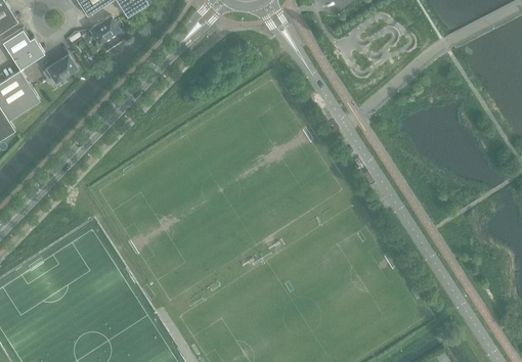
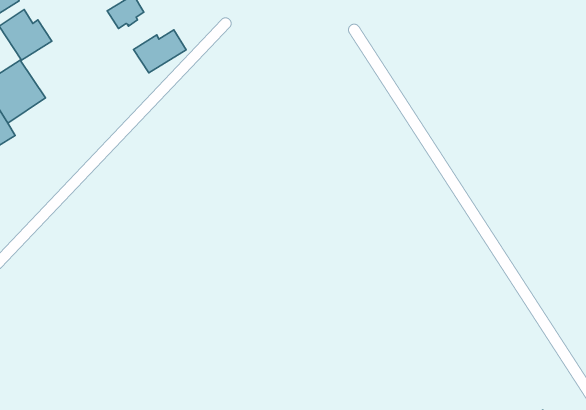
building: none -> [133,30,186,73]
building: [42,55,76,81] -> none

